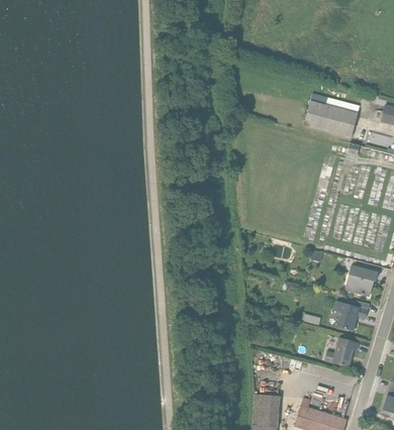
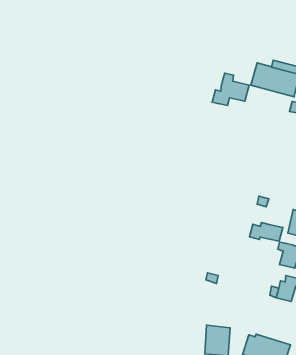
building: none -> [212,73,249,105]
building: none -> [249,223,283,241]

